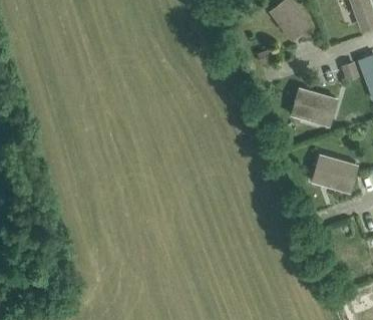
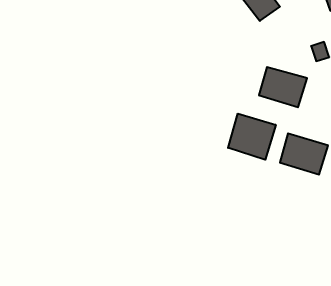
building: none -> [228,114,276,160]

